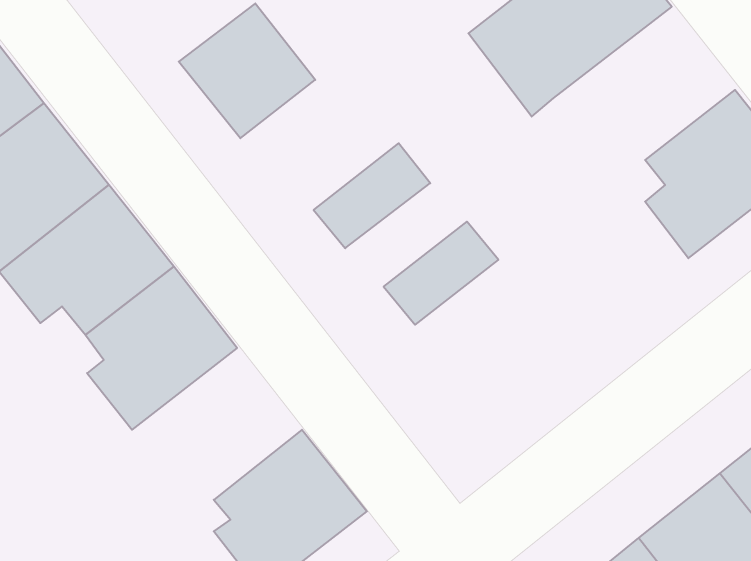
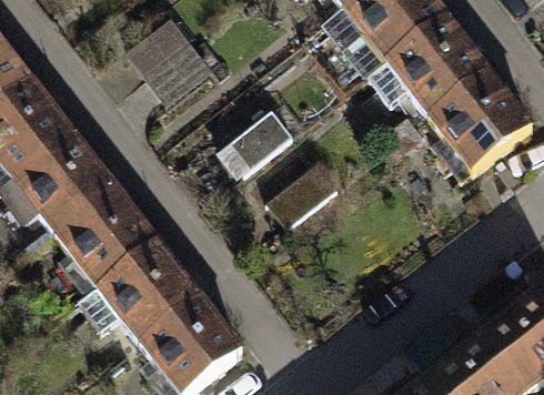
building: none -> [375,19,496,121]
building: none -> [89,246,208,347]

